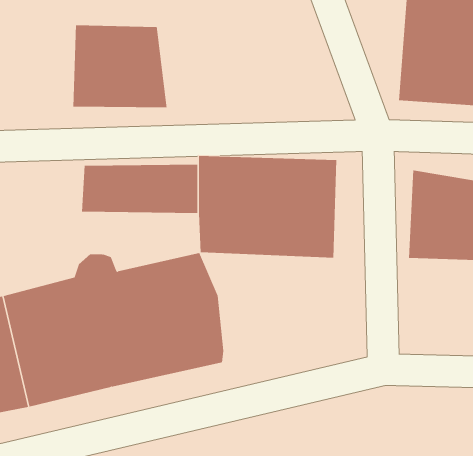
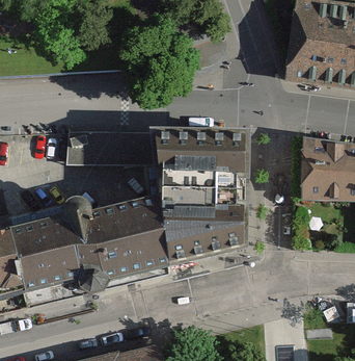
building: [73,25,167,108] -> none
building: none -> [148,192,245,263]

